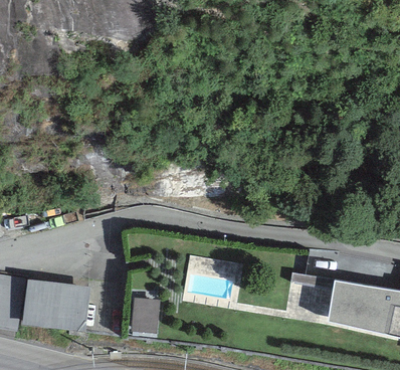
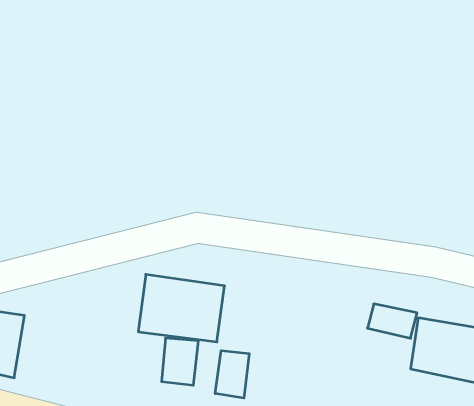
building: [20,279,88,332] -> [138,274,225,342]
building: none -> [215,351,249,398]

